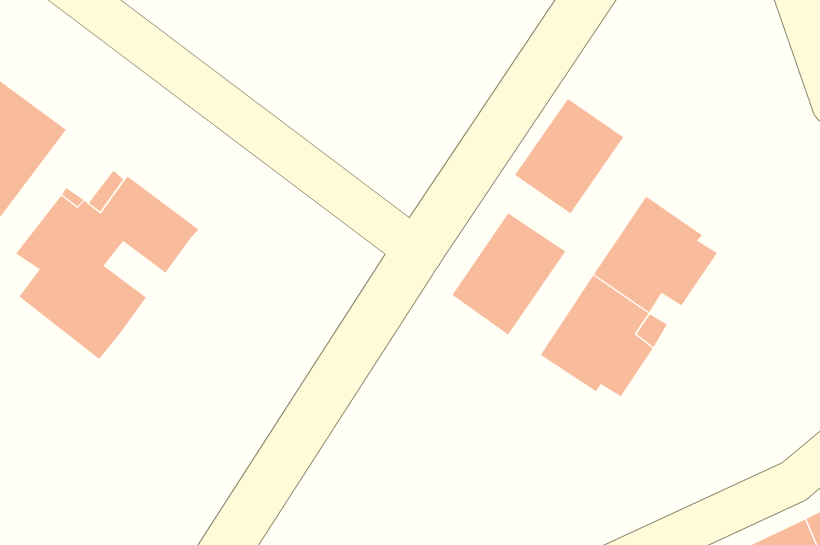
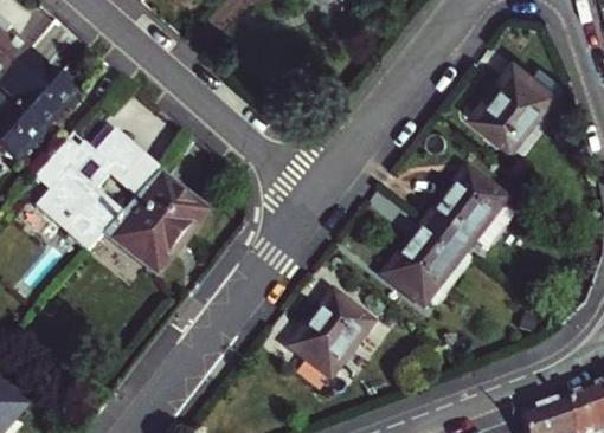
building: [514,98,624,214] -> [474,64,551,143]
building: [452,212,566,336] -> [291,293,372,377]
building: none -> [104,176,204,278]

